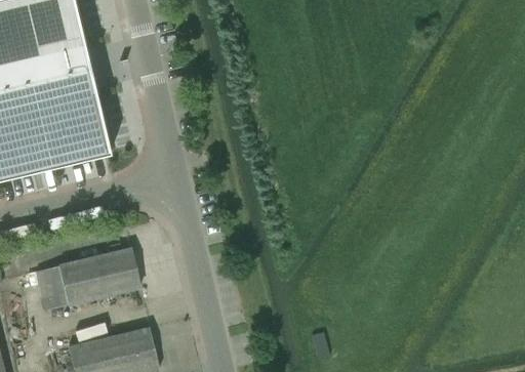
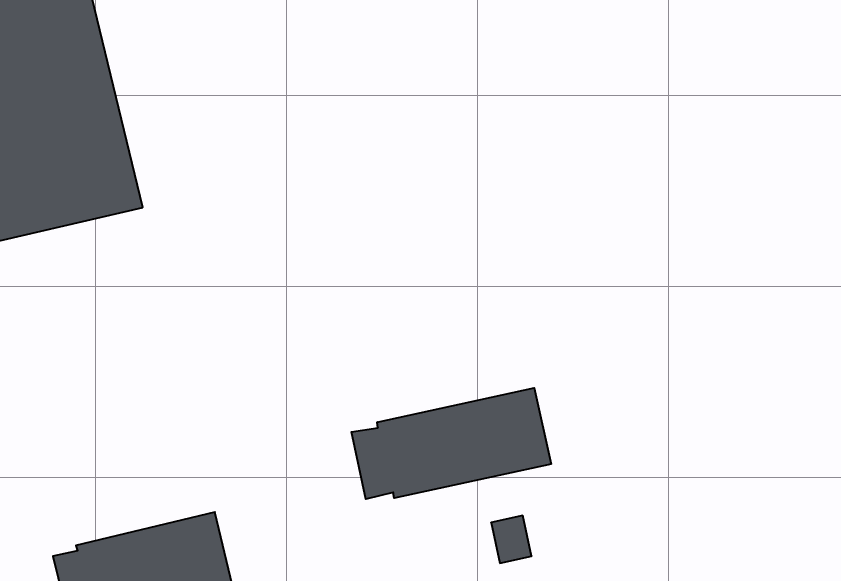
building: [35,248,139,311] -> none
building: none -> [351,388,551,499]

